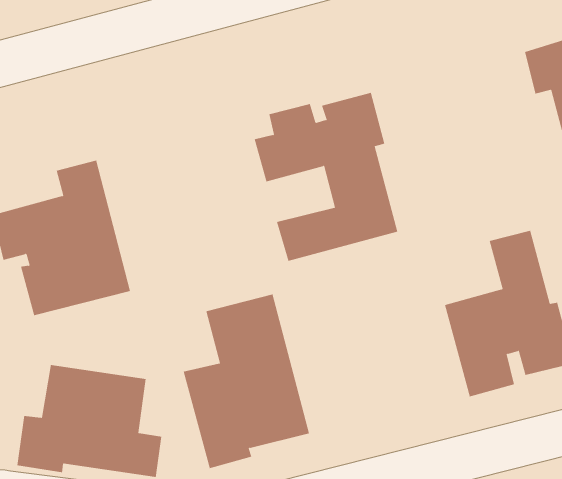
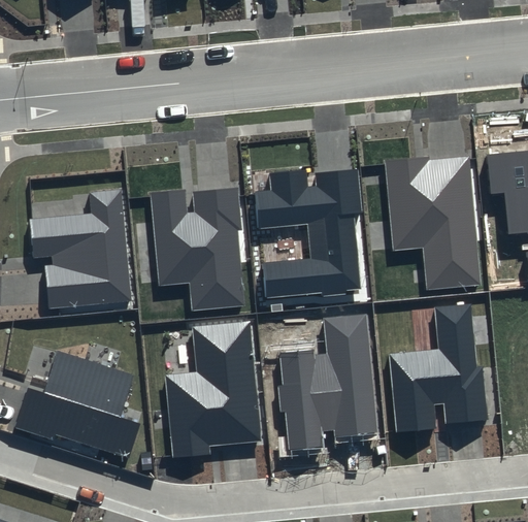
building: none -> [384,156,483,292]
building: none -> [150,189,244,311]
building: none -> [278,314,378,449]

